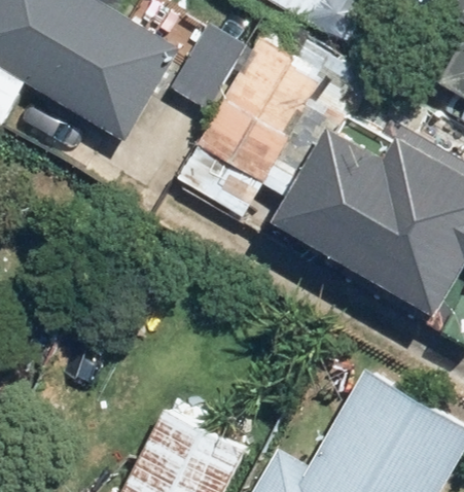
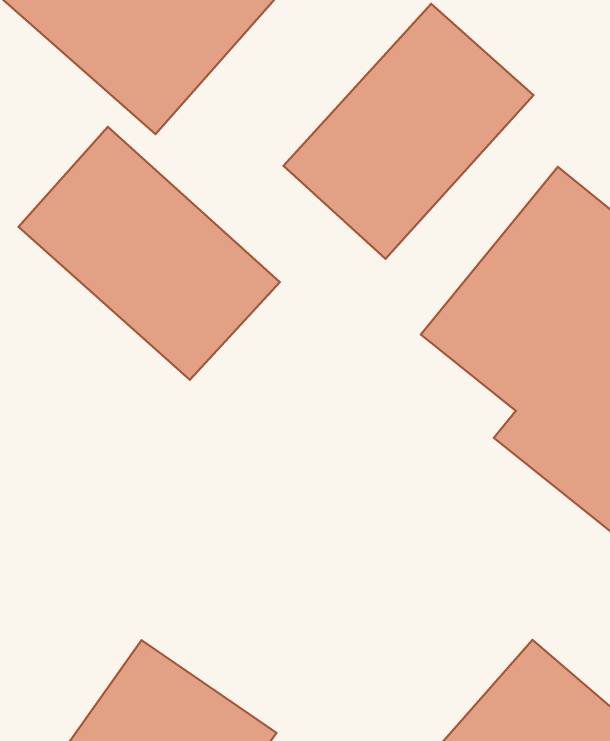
building: none -> [19,127,280,380]

